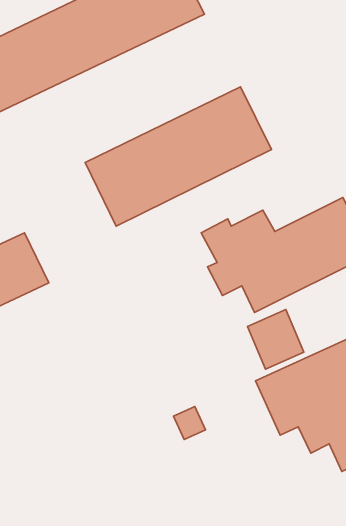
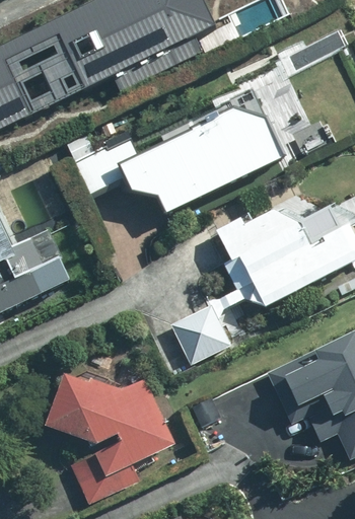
building: [247,309,304,369] -> [175,304,229,361]
building: none -> [46,374,174,503]

